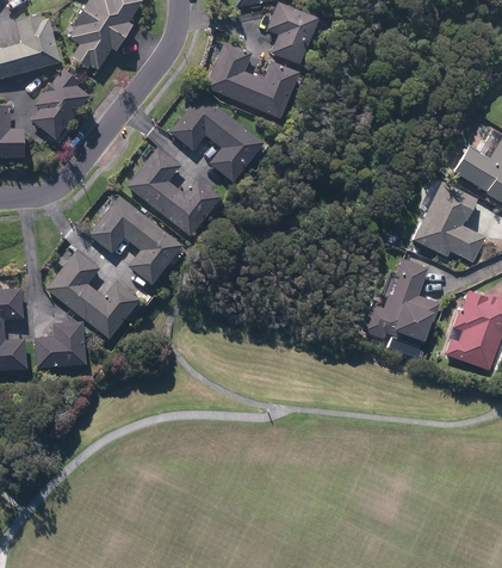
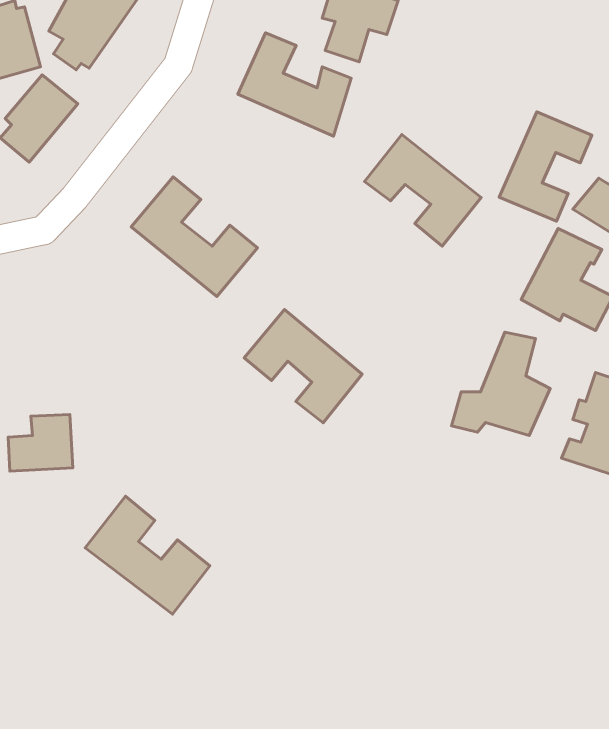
building: [172,97,258,179] -> [365,134,481,246]
building: none -> [499,112,592,221]
building: [91,197,178,280] -> [244,309,362,423]
building: [47,249,138,337] -> [85,496,210,614]

